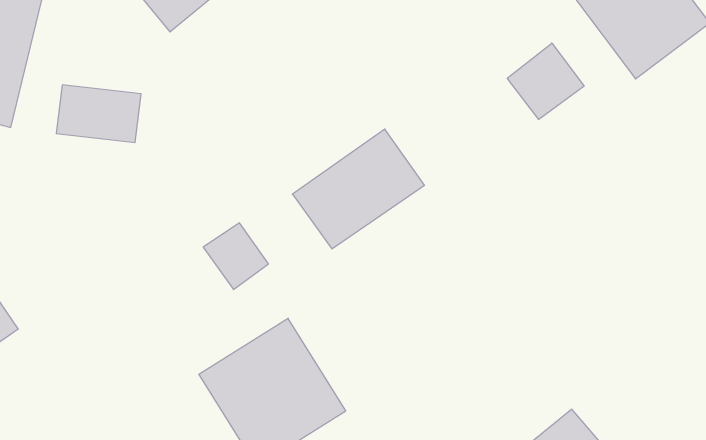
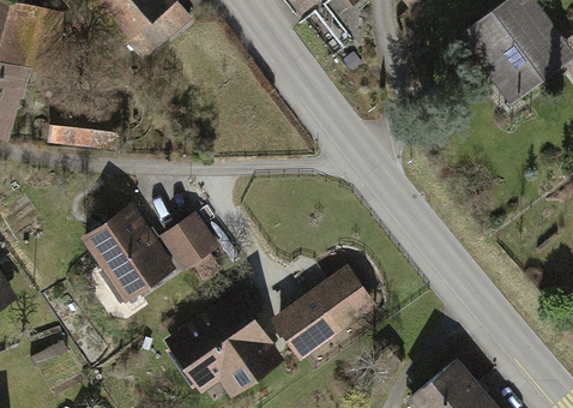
building: [507,43,584,119] -> none
building: [292,129,424,249] -> [269,264,373,359]
building: none -> [78,203,171,304]

